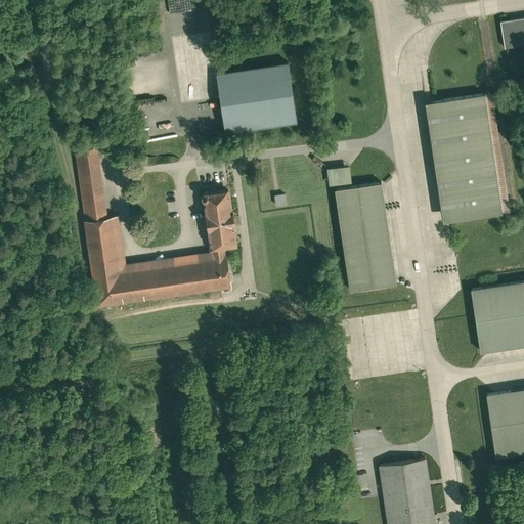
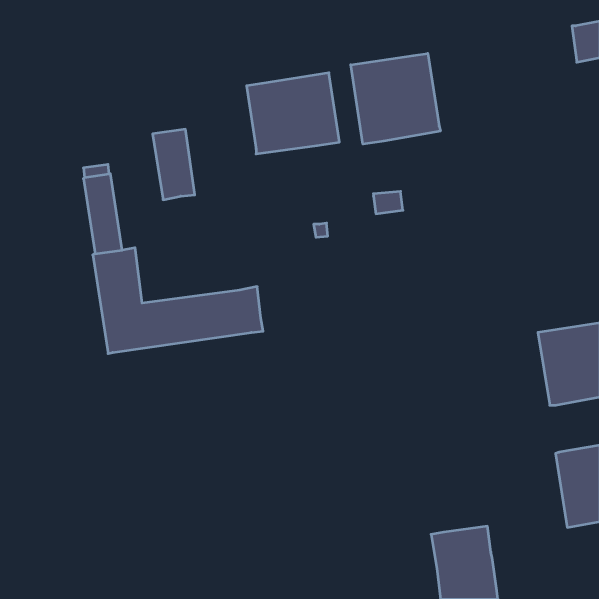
building: none -> [351,53,440,144]
building: [425,94,510,223] -> none
building: [335,184,396,292] -> none
building: [201,191,237,253] -> [153,129,195,200]

